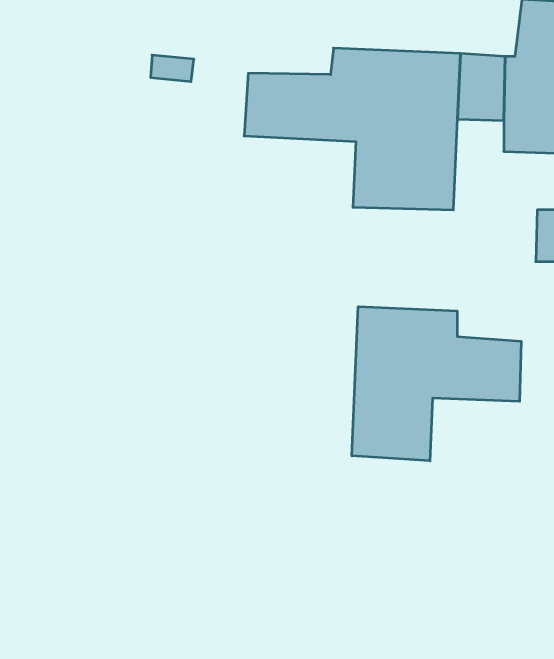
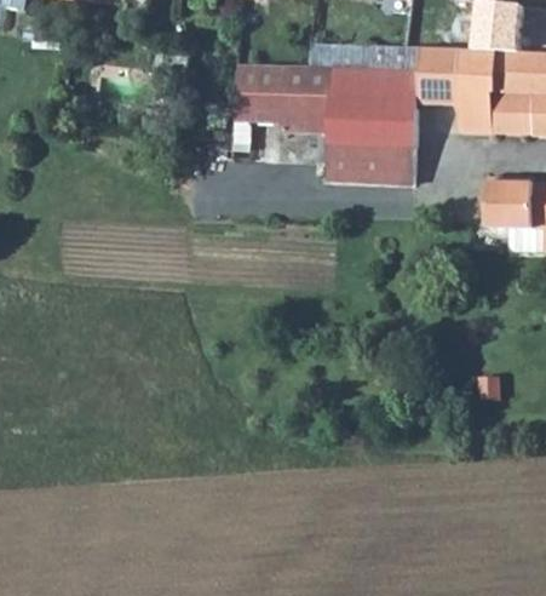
building: [352,307,521,461] -> none

